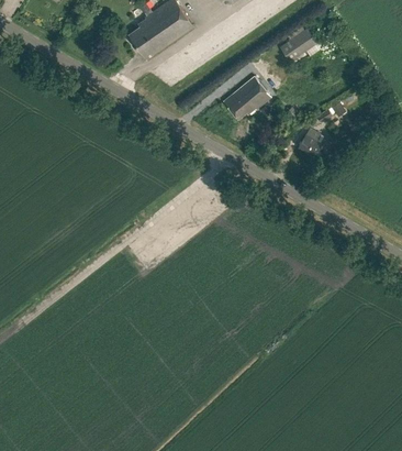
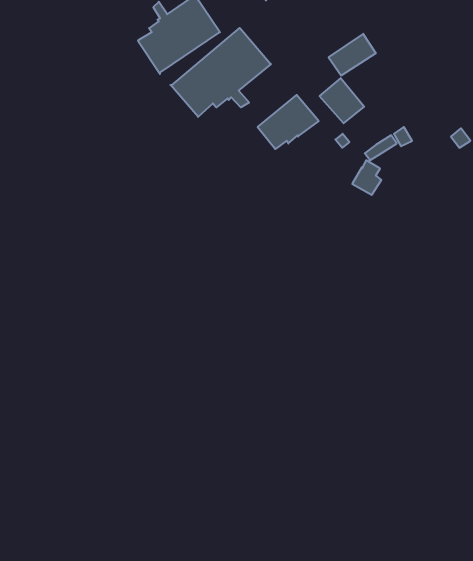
building: none -> [170,28,271,117]
building: none -> [320,78,364,123]

